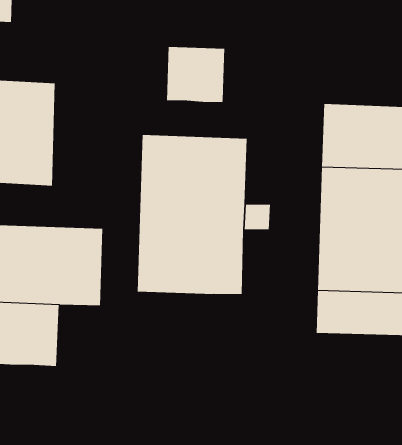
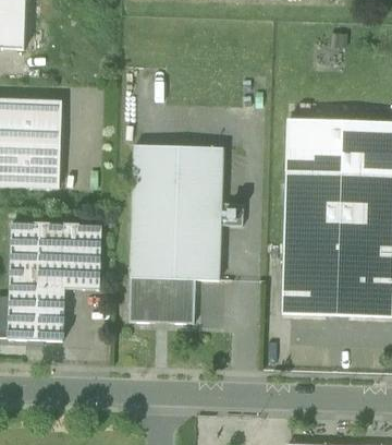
building: [166,46,225,103] -> none
building: none -> [128,277,195,323]

